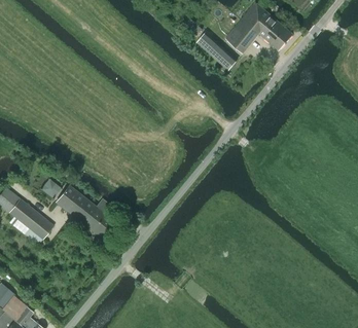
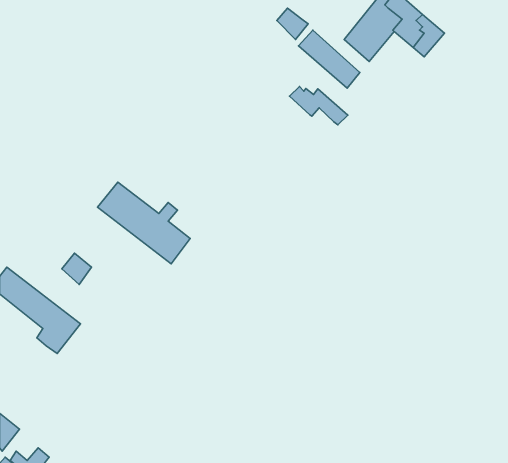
building: none -> [289,87,348,125]
building: [56,185,116,239] -> [98,182,190,264]

